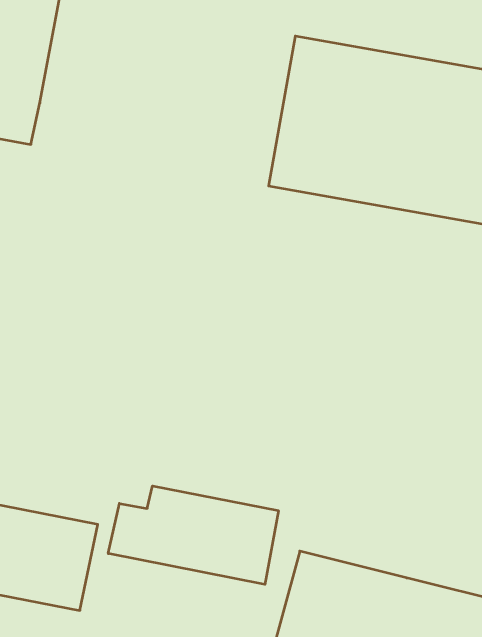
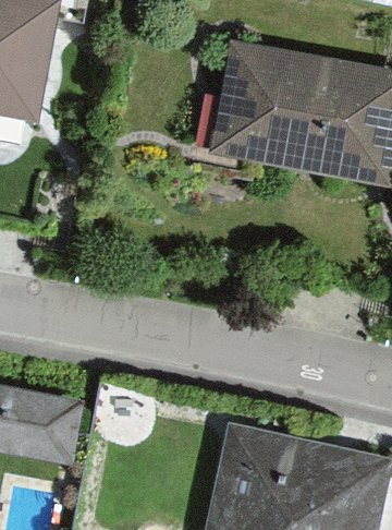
building: [108,486,278,584] -> none

